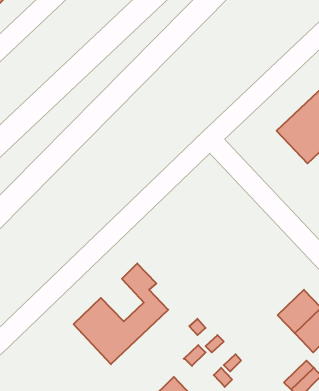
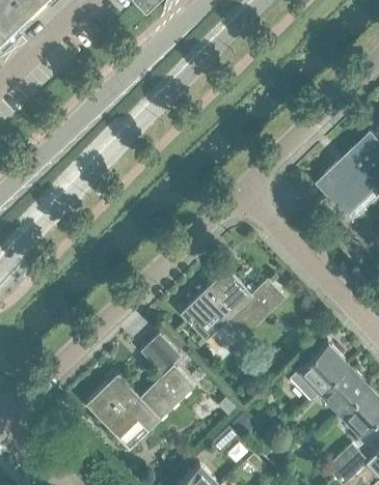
building: none -> [180,269,285,340]
building: none -> [290,343,348,401]

